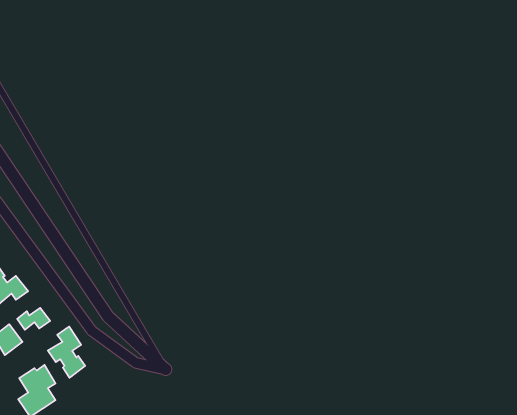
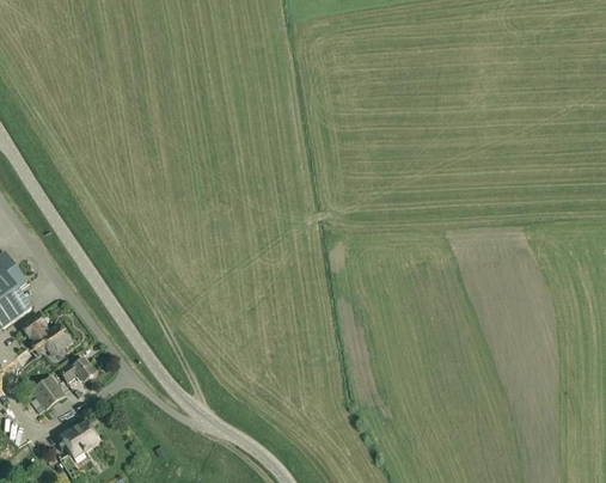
building: [48,326,85,378] -> none

